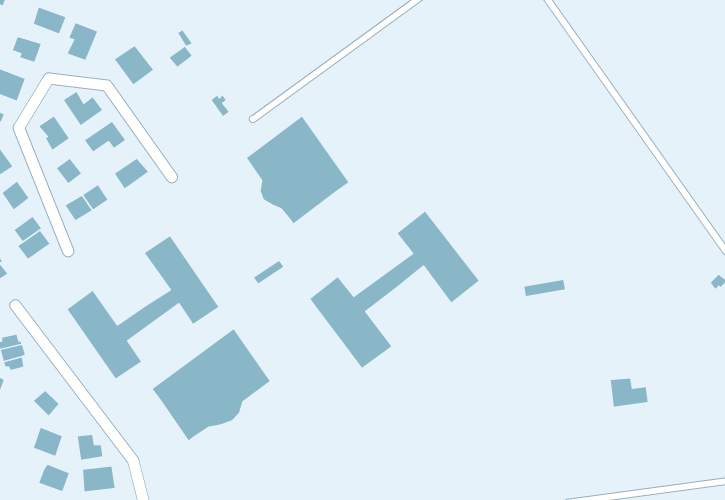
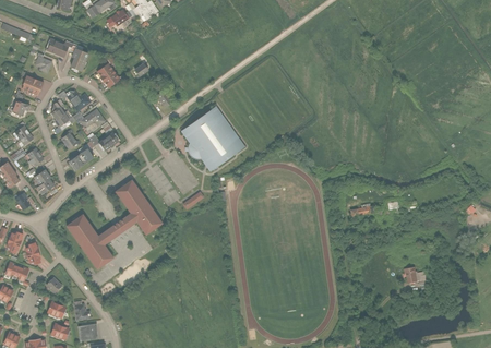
building: [309,210,480,369] -> none
building: [151,328,271,441] -> none

